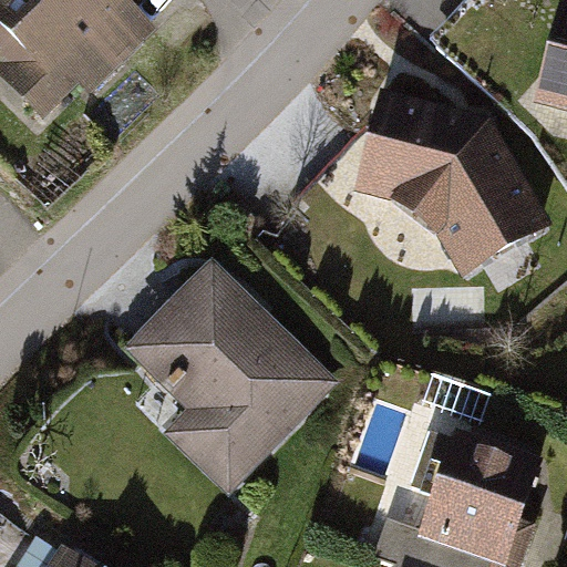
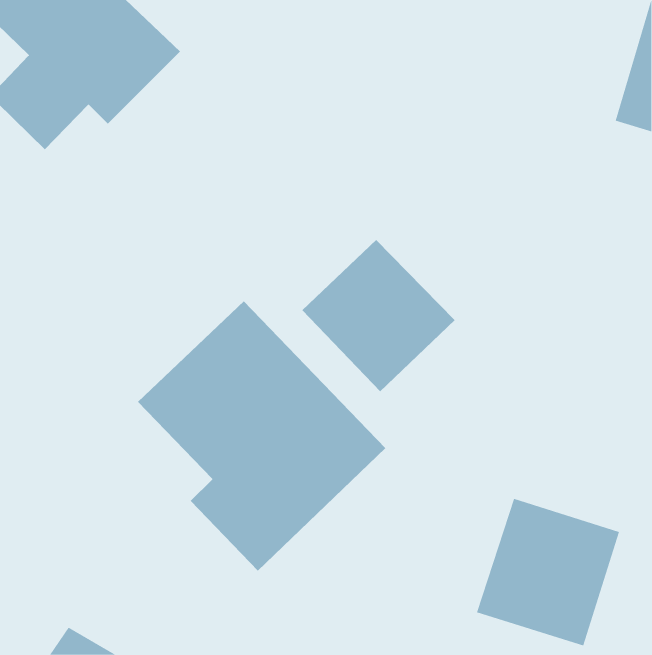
building: [348,87,542,279] -> none
building: none -> [302,239,456,392]

